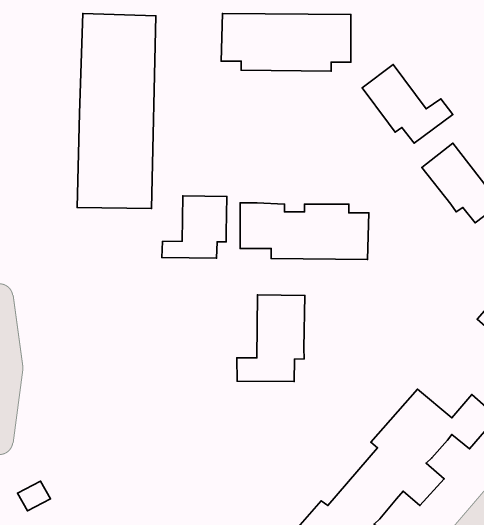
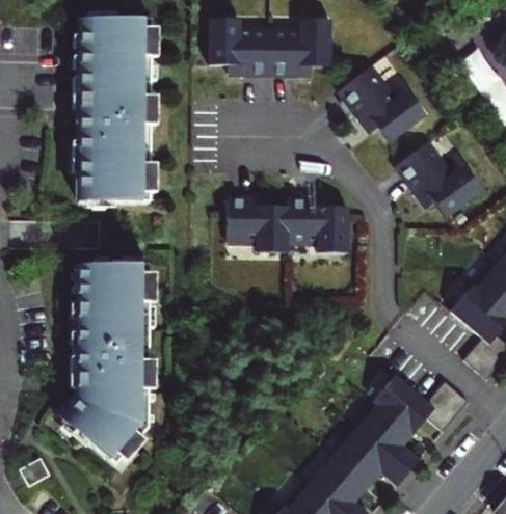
building: [162,196,227,258] -> none
building: none -> [55,266,143,466]
building: [237,295,305,381] -> none

